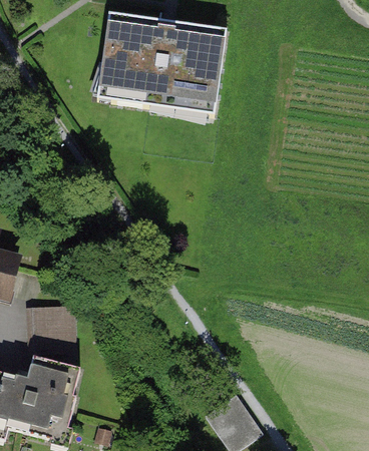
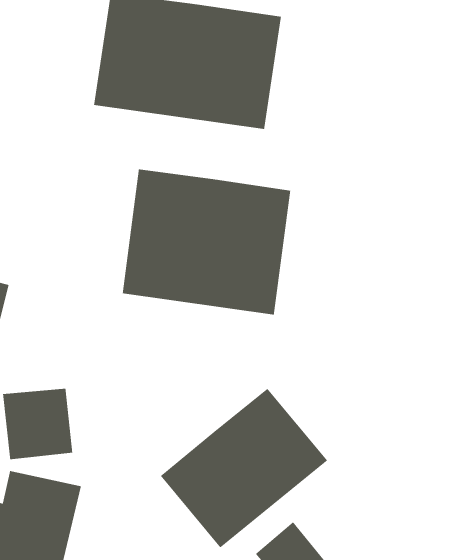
building: none -> [122,169,291,315]
building: none -> [160,388,328,549]

